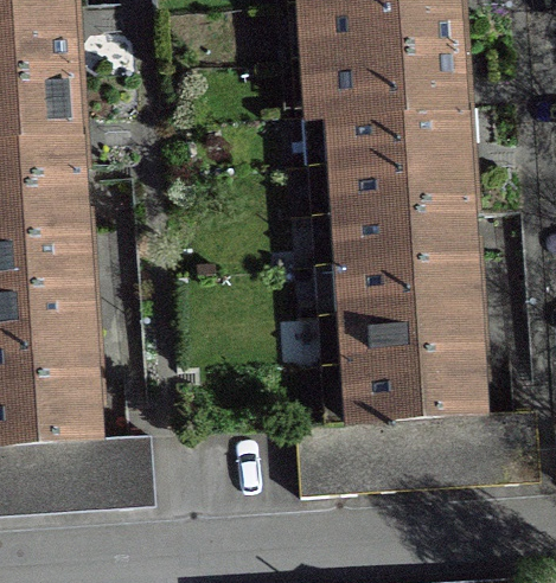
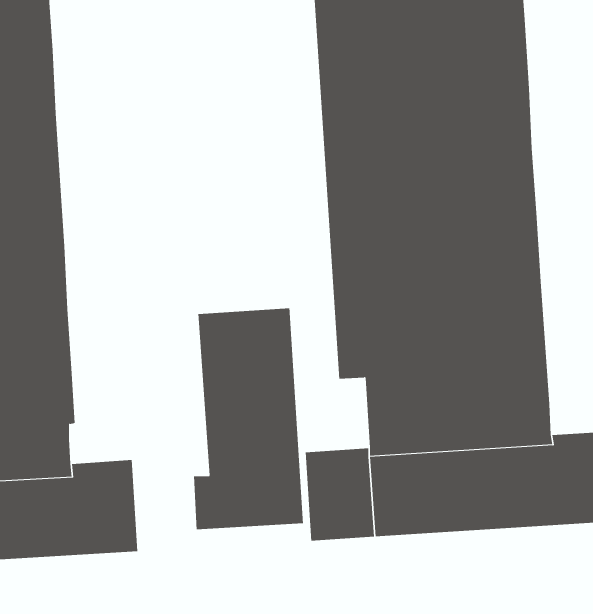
building: none -> [194,307,304,530]

